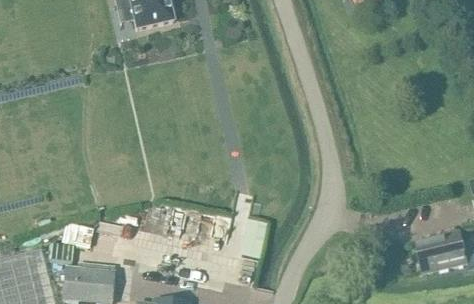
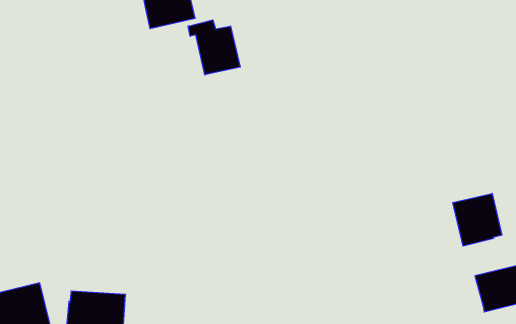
building: none -> [188,20,240,75]
building: none -> [453,193,502,246]

